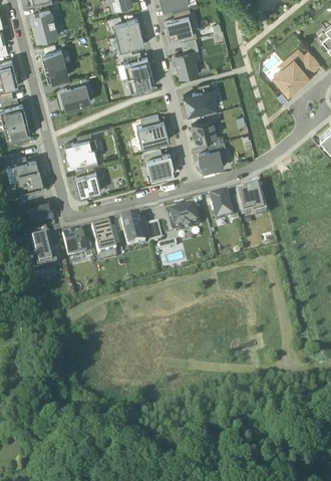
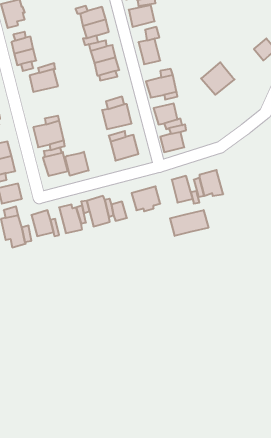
building: [273,59,308,93] -> [201,62,235,95]
building: none -> [65,152,89,176]
building: none -> [170,210,208,236]

